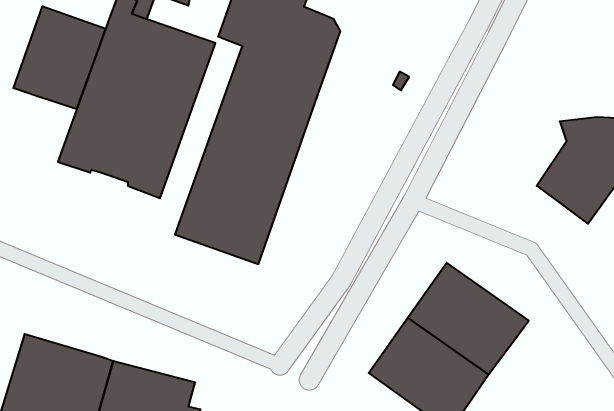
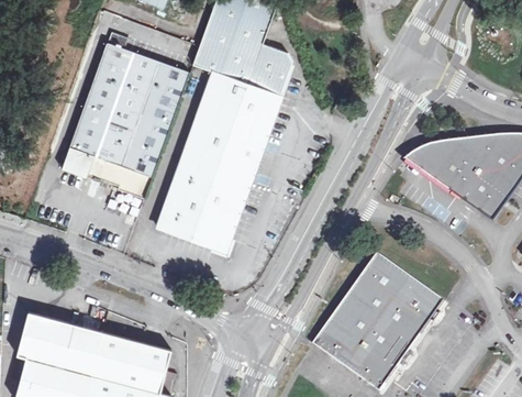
building: [13,6,106,109] -> none
building: none -> [404,136,475,189]

